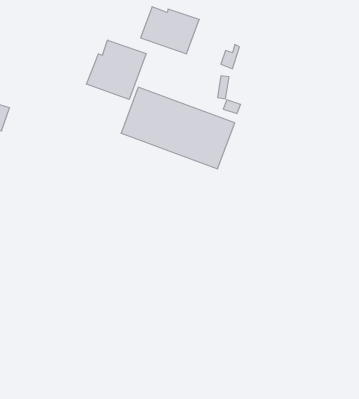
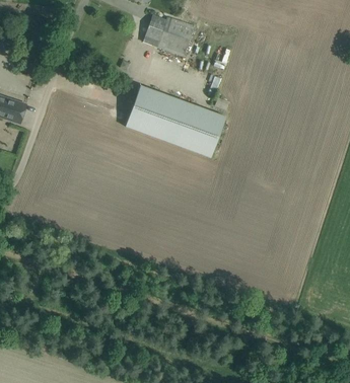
building: [86,40,146,99] -> none

